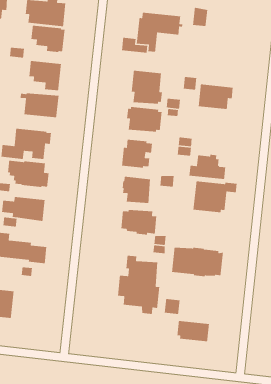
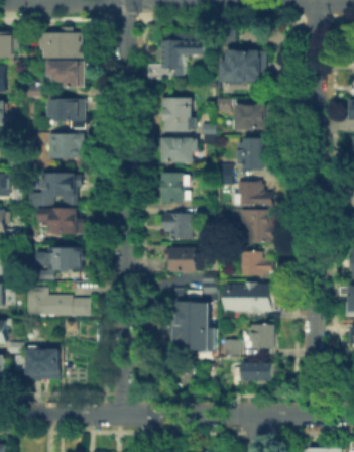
building: none -> [220,50,265,83]
building: none -> [236,138,270,170]
building: none -> [238,251,271,275]
building: none -> [247,325,271,349]

